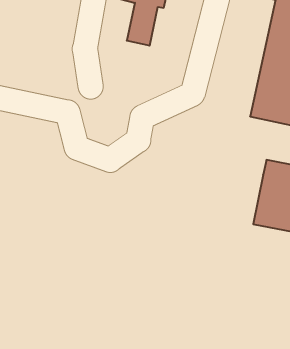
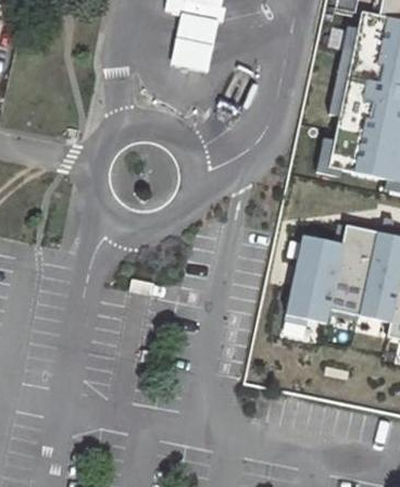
building: none -> [289,234,353,322]

